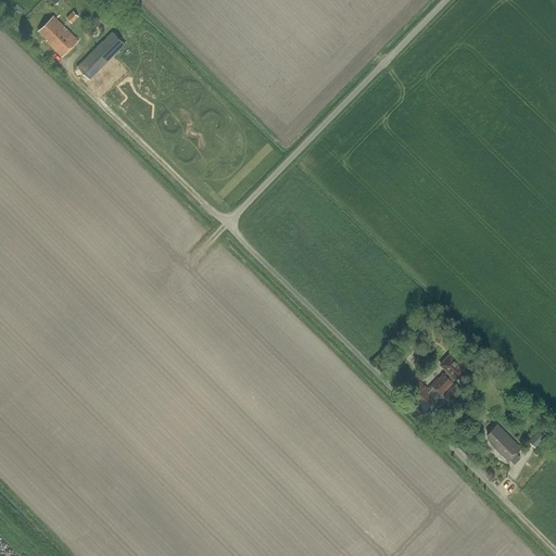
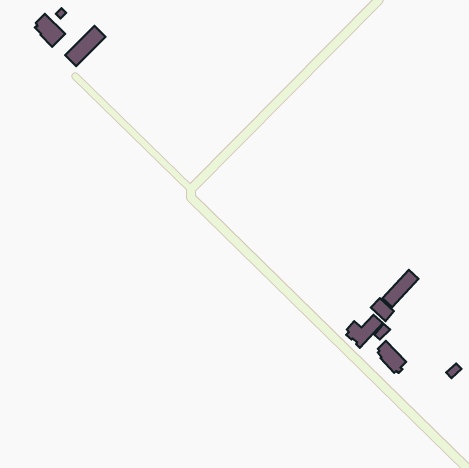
building: none -> [382,270,419,307]
building: [488,424,521,462] -> [378,341,406,373]

